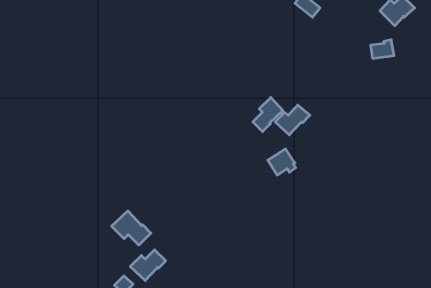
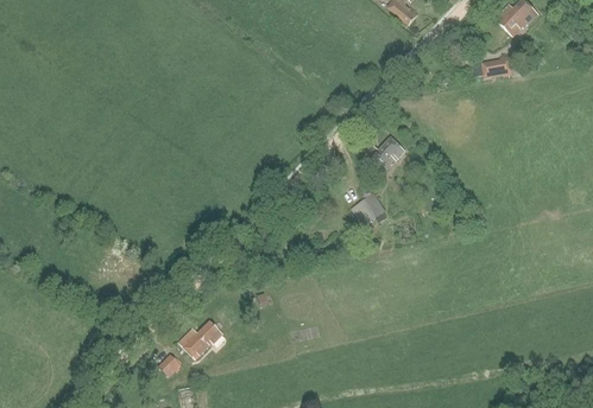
building: [253,97,283,132] -> none
building: [112,211,151,245] -> none

